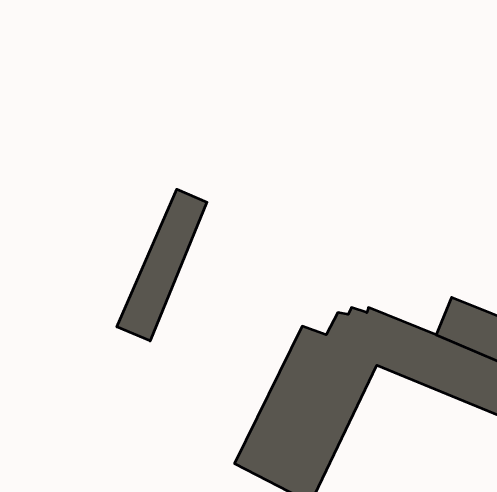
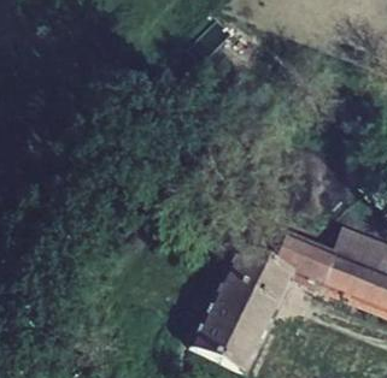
building: [117,189,207,341] -> none

